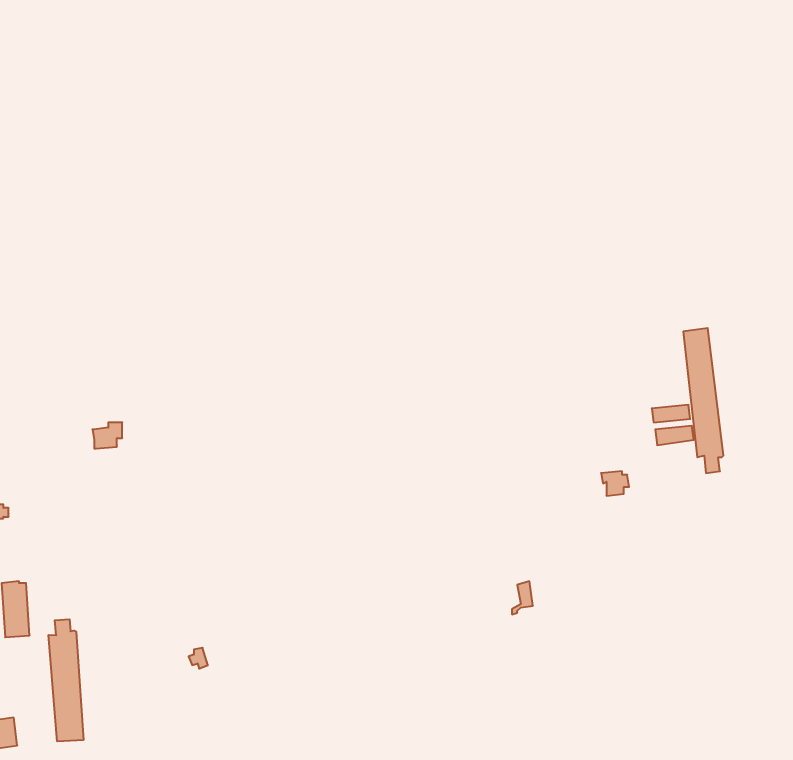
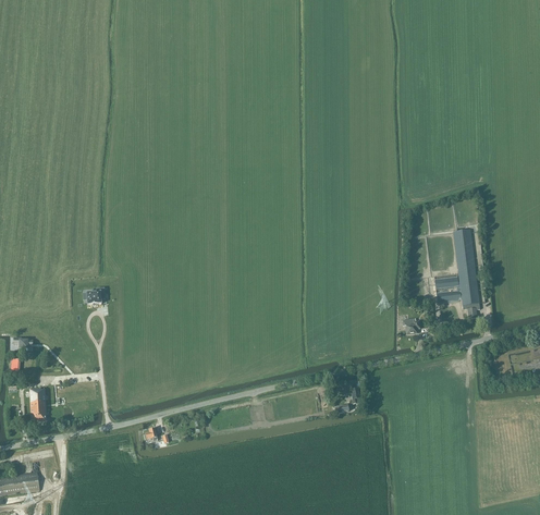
building: [49,619,83,741] -> none

